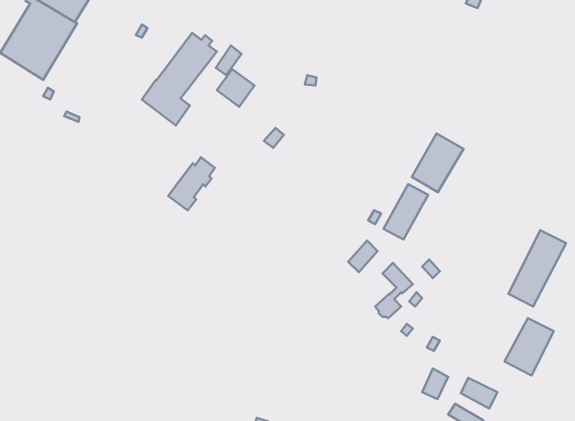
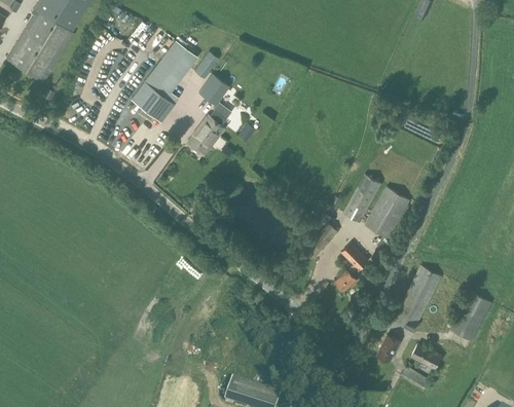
building: [412,133,464,192] -> [365,186,410,237]
building: [168,157,215,210] -> [187,109,228,155]
building: [509,230,566,307] -> [393,264,443,331]

